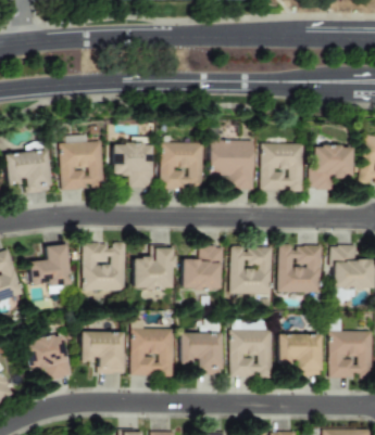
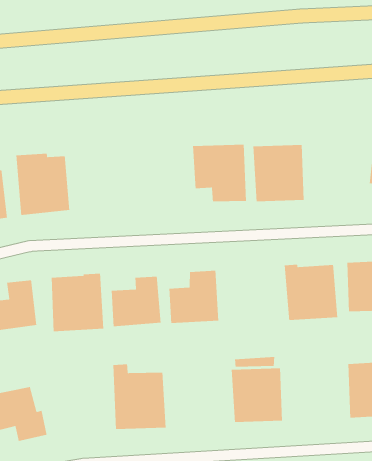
building: [161,142,204,189] -> none
building: [112,143,153,188] -> none
building: [310,145,351,189] -> none
building: [233,246,276,294] -> none
building: [80,331,125,373] -> none
building: [179,332,223,374] -> none
building: [279,334,322,375] -> none

